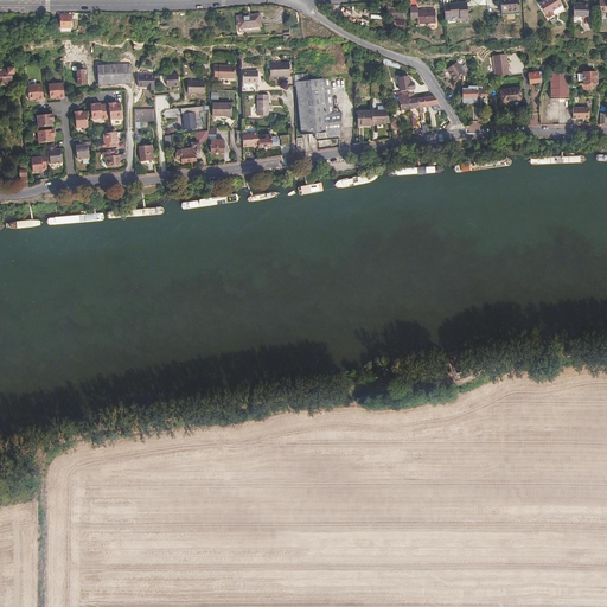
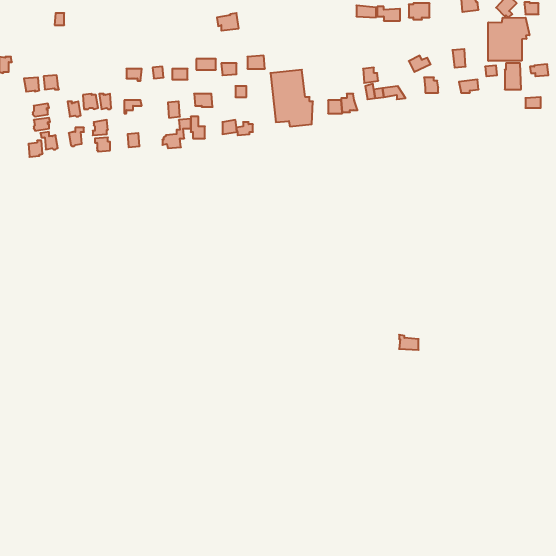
building: none -> [488,18,529,61]
building: [98,63,132,83] -> none

